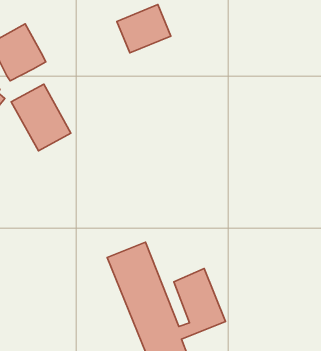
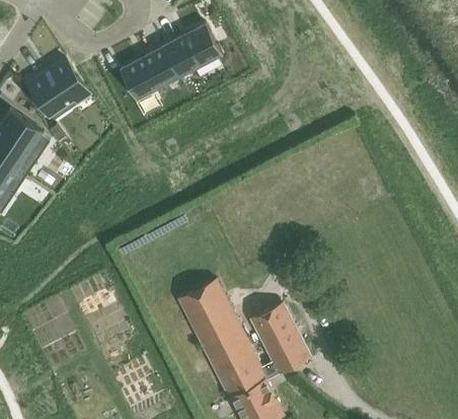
building: none -> [120,46,179,100]
building: [11,84,71,151] -> none

